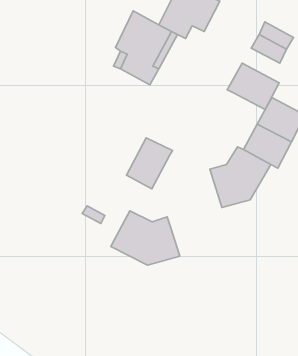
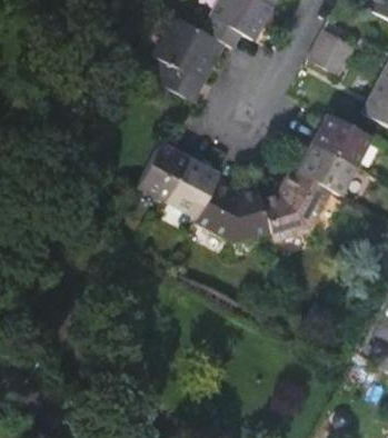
building: [227,63,279,109] -> none
building: none -> [135,142,188,201]
building: [111,211,180,265] -> [193,179,271,240]

